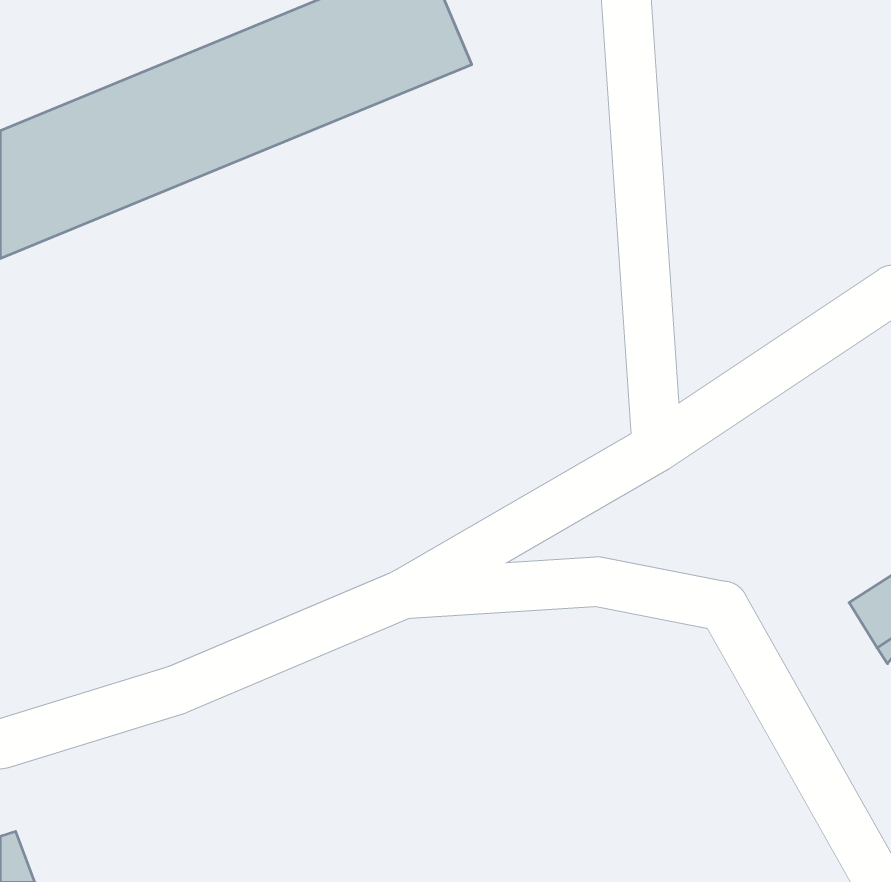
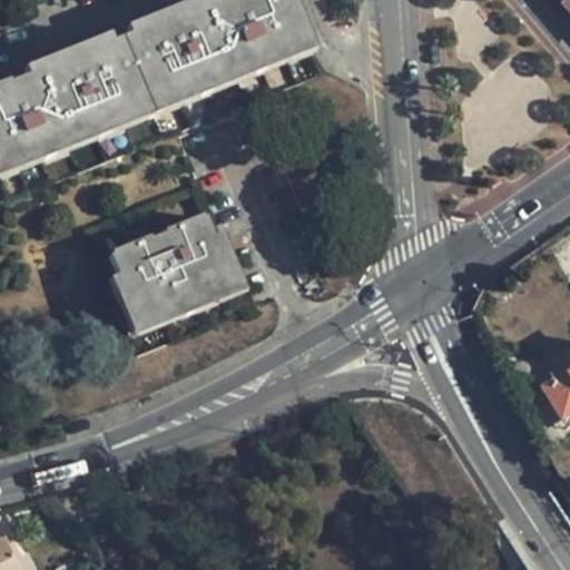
building: none -> [108,213,233,321]

